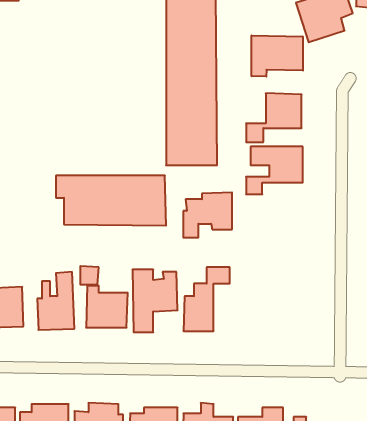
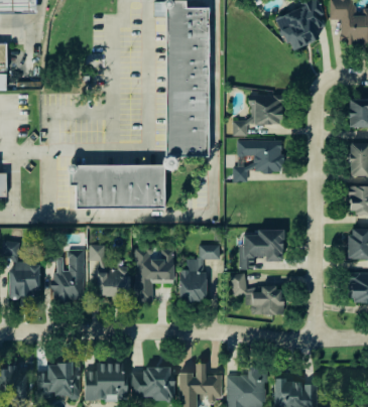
building: [252,35,303,77] -> none
building: [183,192,232,238] -> [241,229,283,268]
building: none -> [233,273,283,314]

